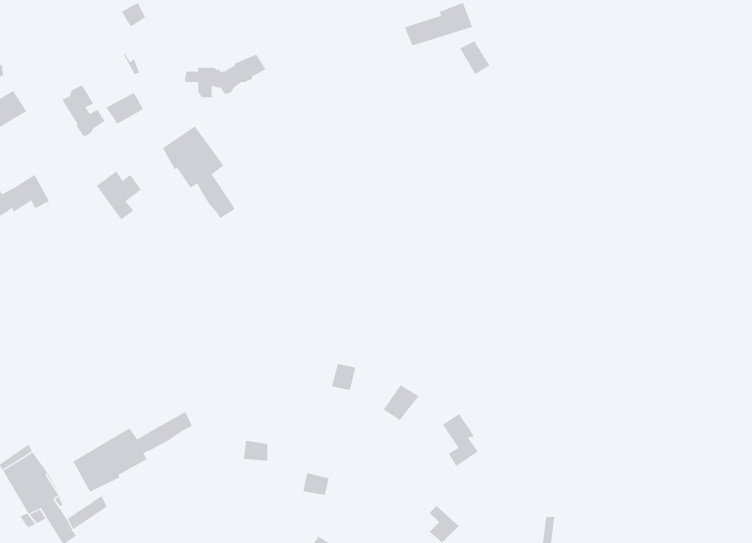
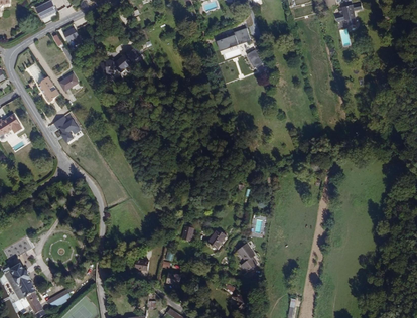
building: [162,125,236,219] -> none
building: [72,411,192,493] -> none

